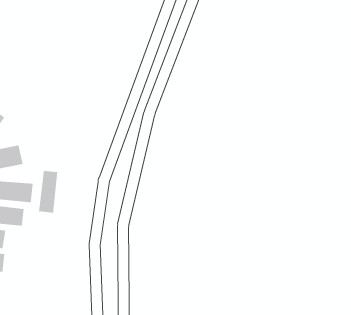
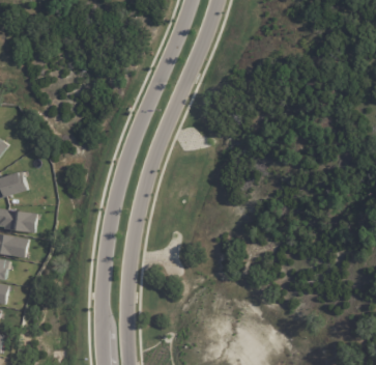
building: [39,170,58,213] -> none

